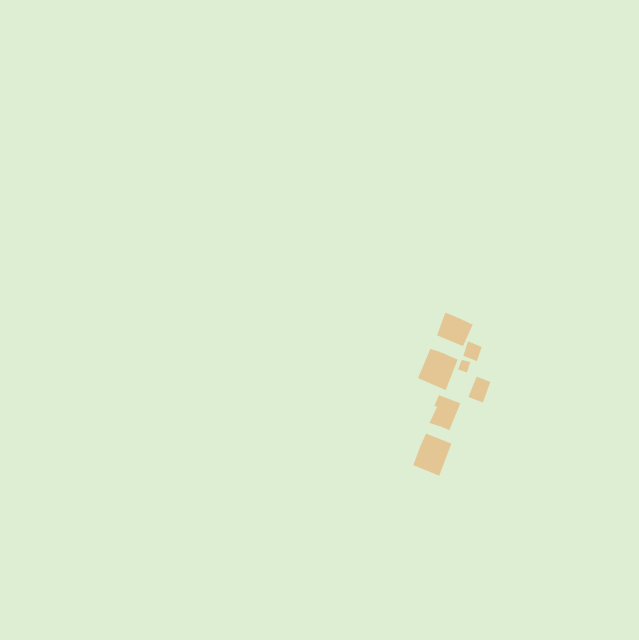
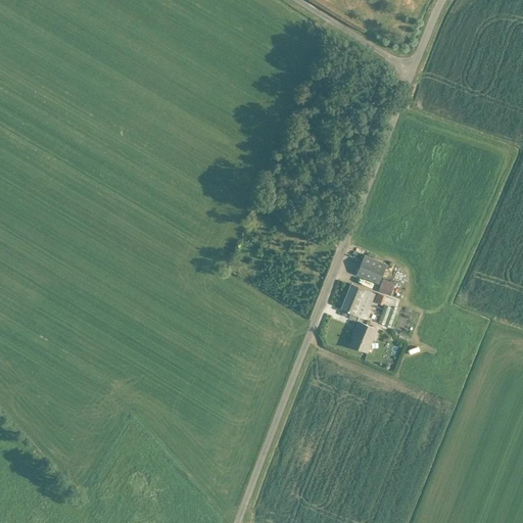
building: [412,433,452,477] -> none

